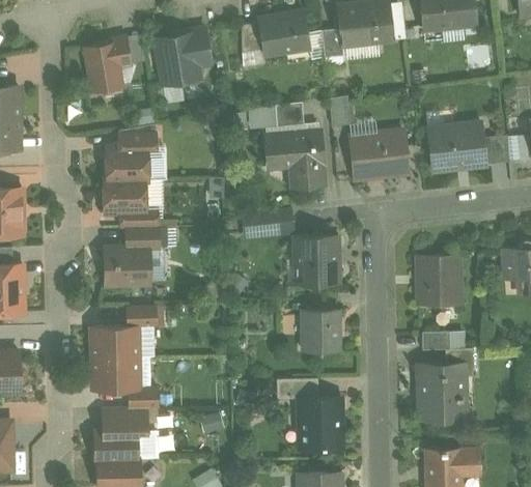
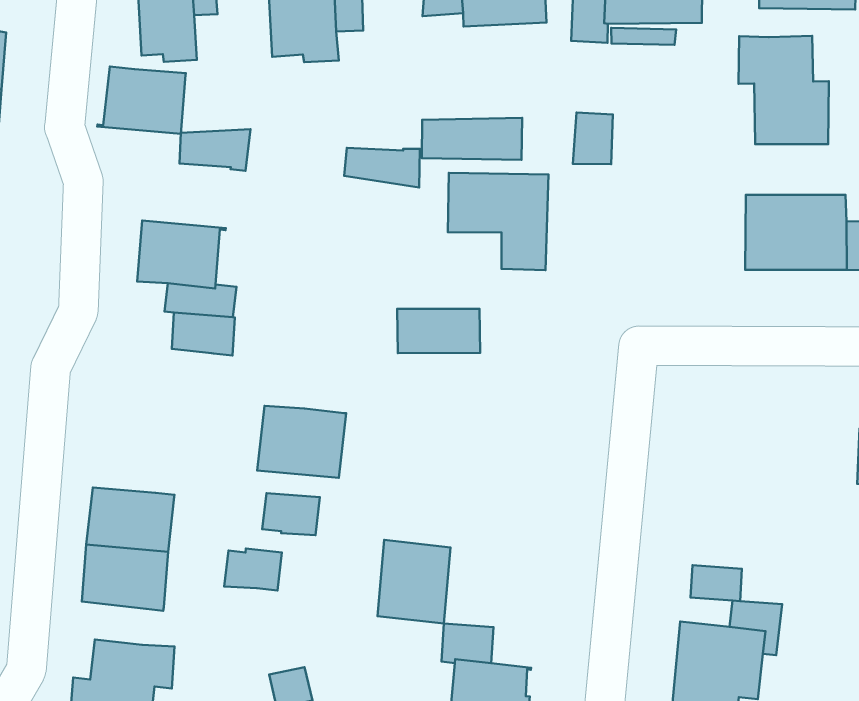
building: none -> [738,36,829,144]
building: none -> [344,148,420,188]
building: [351,130,407,179] -> none
building: [103,146,148,180] -> [97,66,186,134]
building: [295,235,337,284] -> none
building: [105,248,149,284] -> [257,406,346,478]
building: [416,255,460,305] -> none
building: [127,306,156,327] -> [262,493,320,535]
building: [302,310,339,351] -> [378,540,451,624]
building: [129,388,158,409] -> [224,549,282,591]

